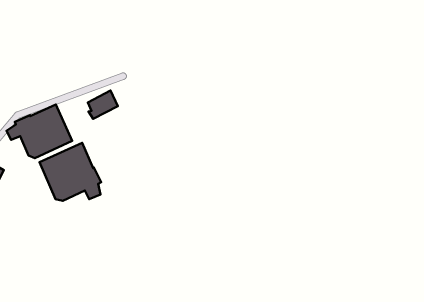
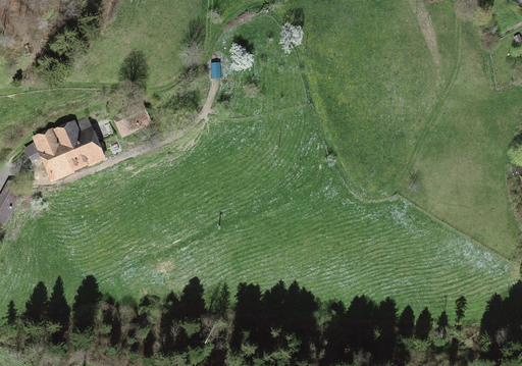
building: [39,143,101,201] -> none

